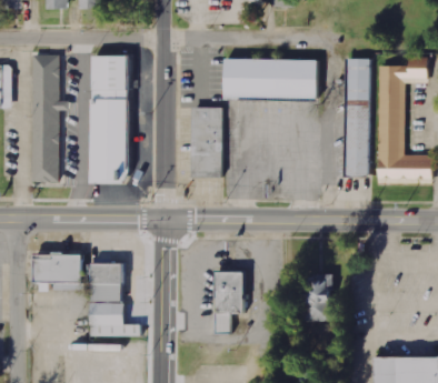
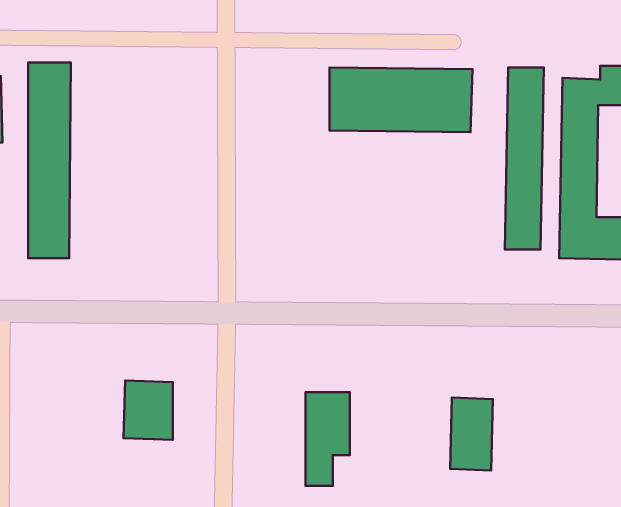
building: [89,57,129,185] -> none
building: [192,108,223,179] -> none
building: [34,254,84,290] -> none
building: [92,303,127,335] -> none

